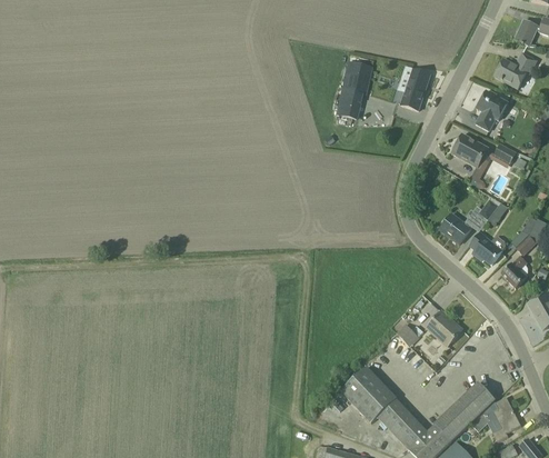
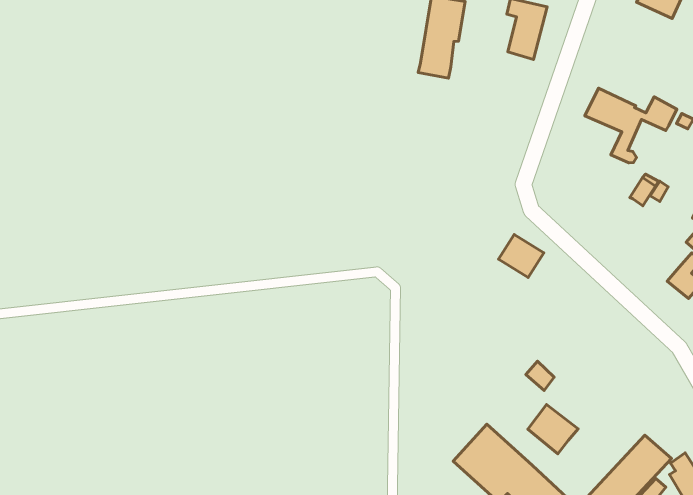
building: [475,89,508,130] -> none
building: [439,212,471,243] -> [499,235,544,278]
building: [469,230,506,263] -> none
building: [427,310,462,346] -> [528,404,578,454]

